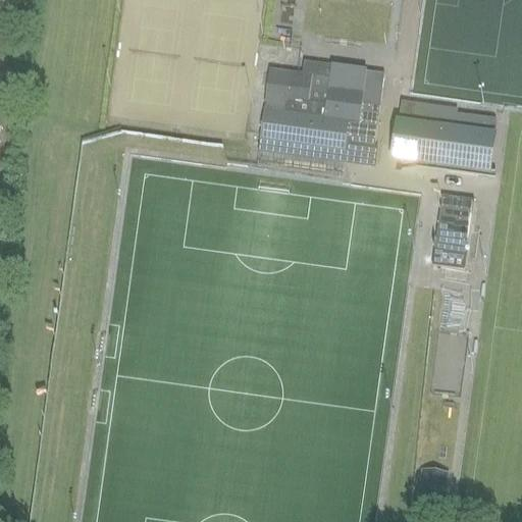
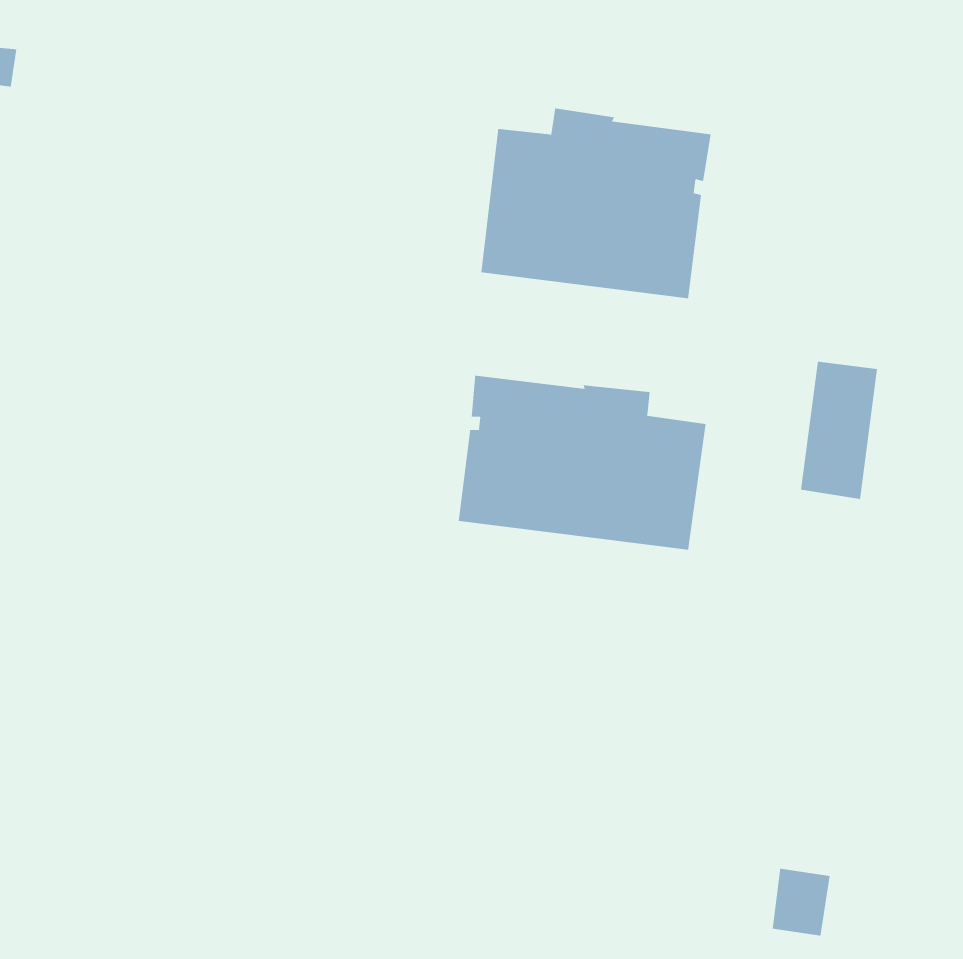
building: [393,100,494,174] -> none
building: none -> [458,375,706,551]

